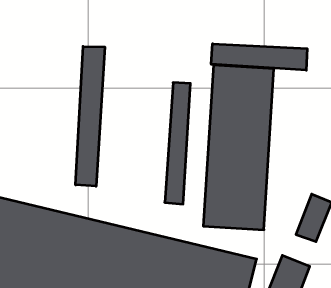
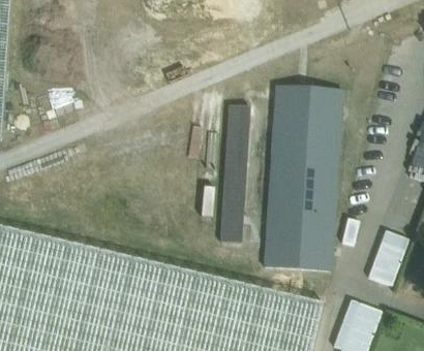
building: [211,44,307,70] -> none
building: [76,46,105,186] -> none

